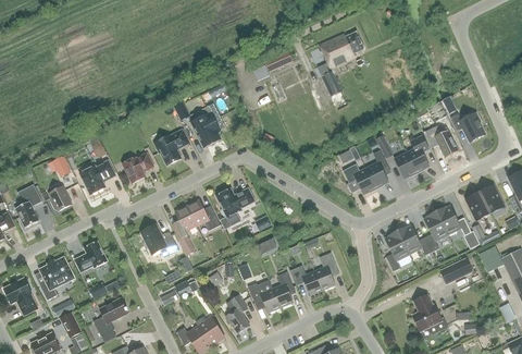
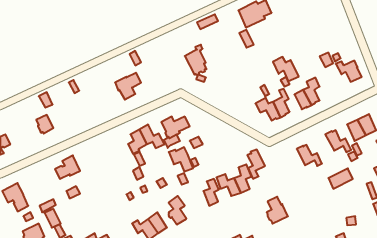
building: [191,106,221,146] -> [185,45,207,75]
building: [424,124,459,157] -> [273,57,299,81]
building: [122,151,154,182] -> none
building: [79,159,115,194] -> none
building: [15,183,42,227] -> none
building: [424,211,448,251] -> none
building: [140,223,179,257] -> none
building: [385,231,409,270] -> [247,150,265,179]
building: [39,256,74,300] -> none
building: [248,279,281,312] -> [169,147,193,172]
building: [413,294,442,330] -> [267,197,288,224]
building: [94,297,128,335] -> none

